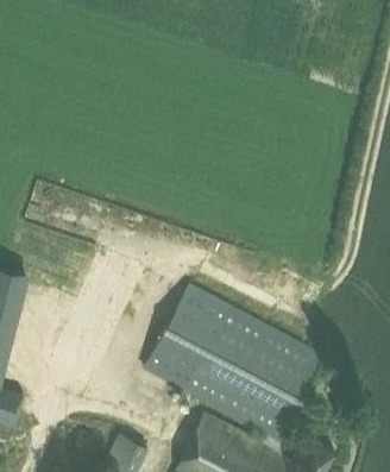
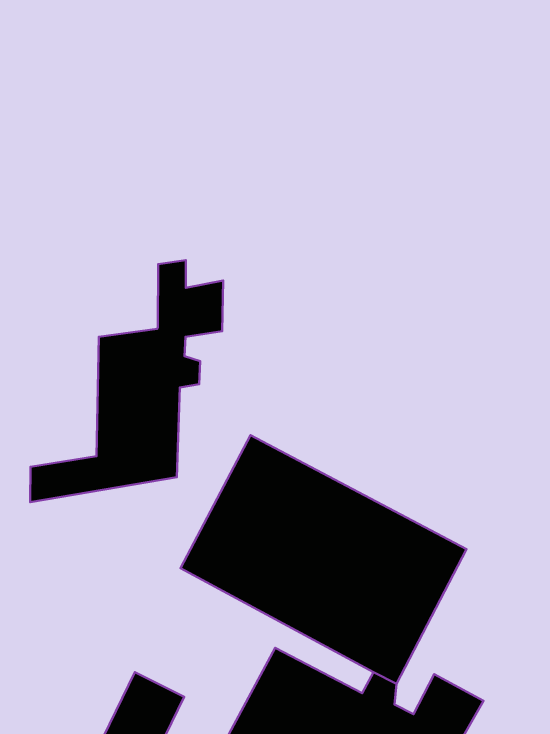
building: none -> [30,260,223,502]

